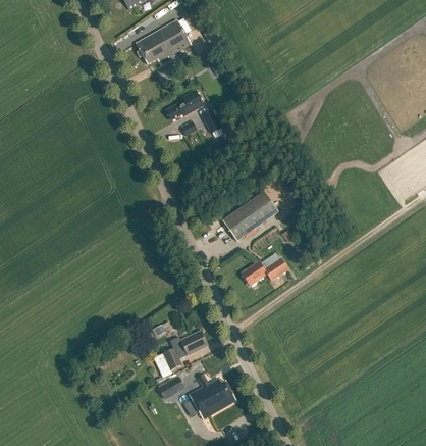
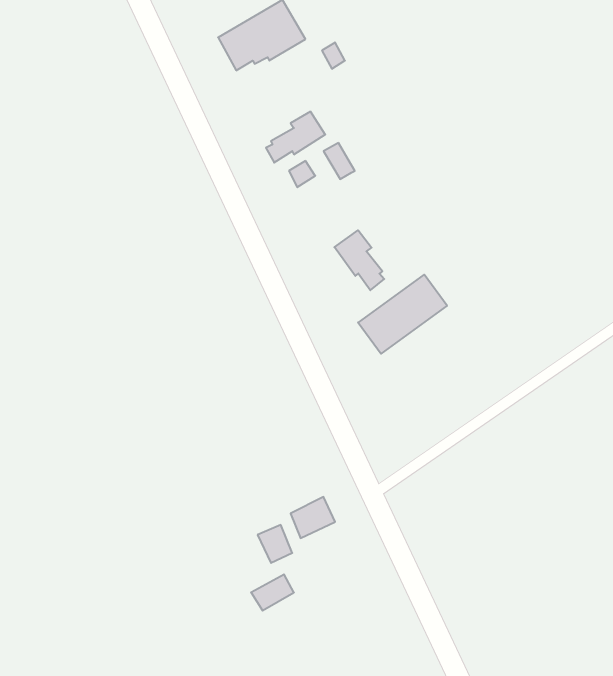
building: none -> [334,230,384,290]
building: [242,258,288,285] -> none
building: [191,373,237,417] -> none

